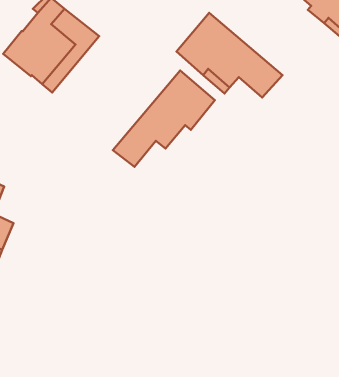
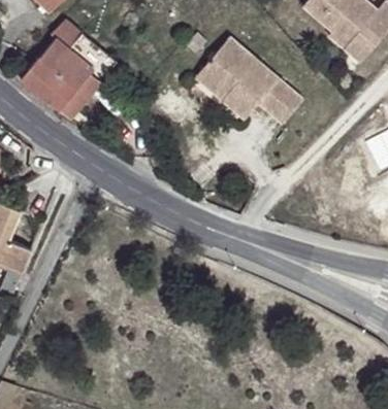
building: [113,70,215,167] -> none

